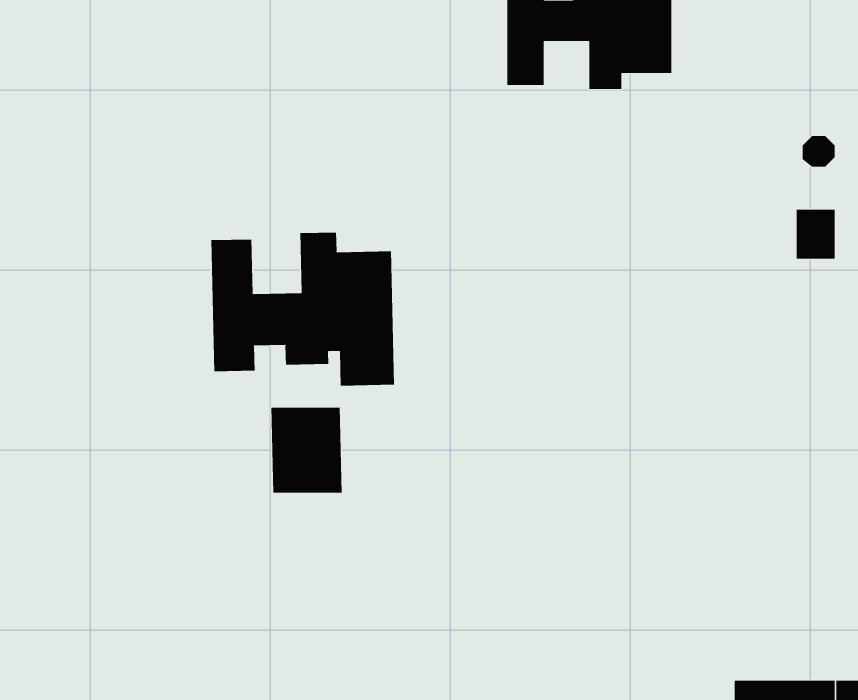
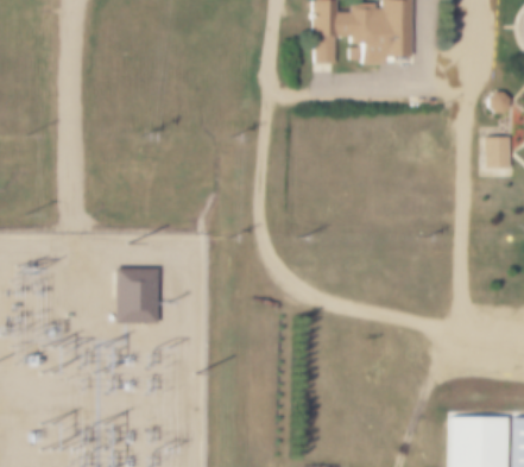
building: [211,232,395,387] -> none
building: [271,407,342,493] -> [115,264,158,315]

